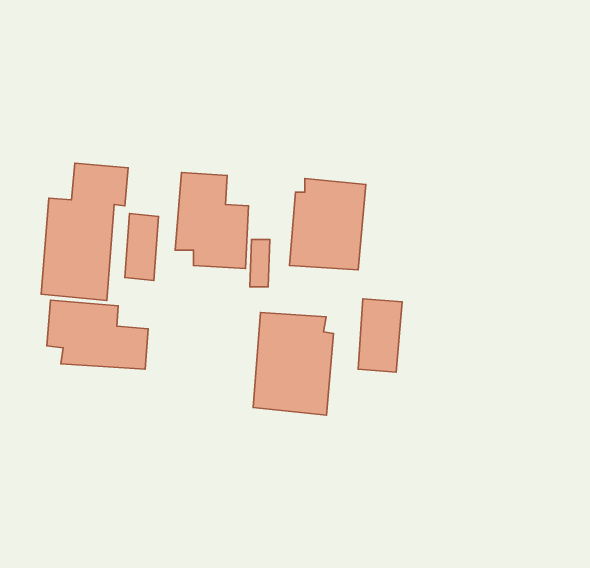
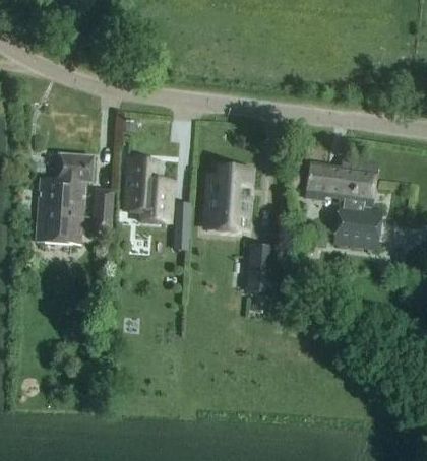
building: none -> [307,157,383,248]
building: [47,300,148,369] -> none
building: [253,312,333,415] -> none

